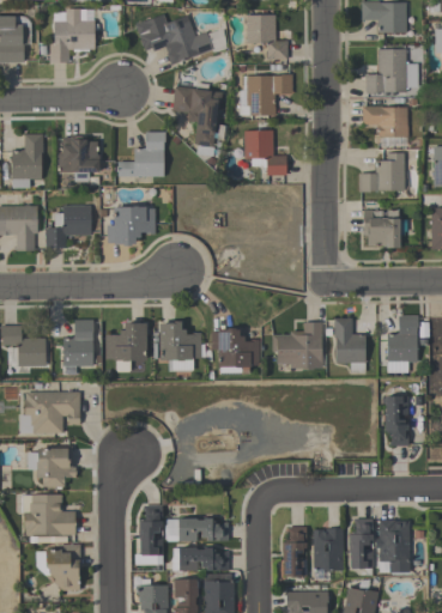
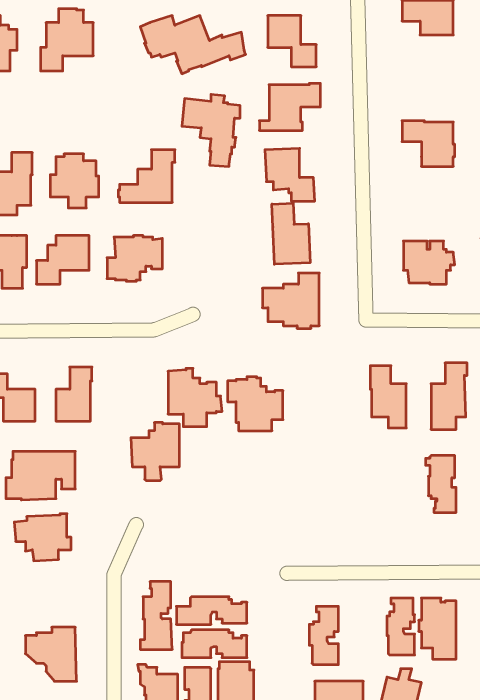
building: [365,49,417,93] -> none
building: [358,153,404,192] -> none
building: none -> [272,203,310,264]
building: [104,322,146,372] -> [131,423,179,481]
building: [272,322,321,370] -> [262,273,319,328]
building: [24,494,75,535] -> none
building: [313,529,343,571] -> none

